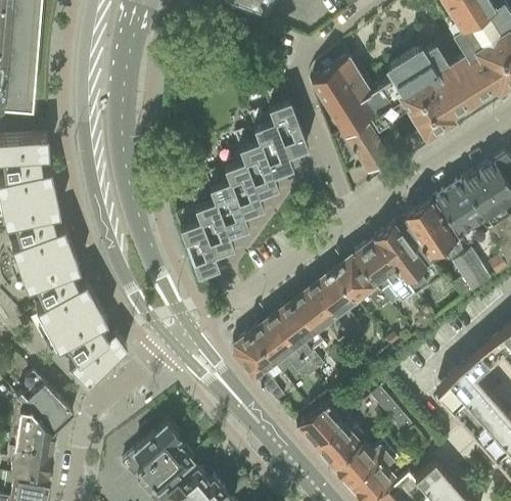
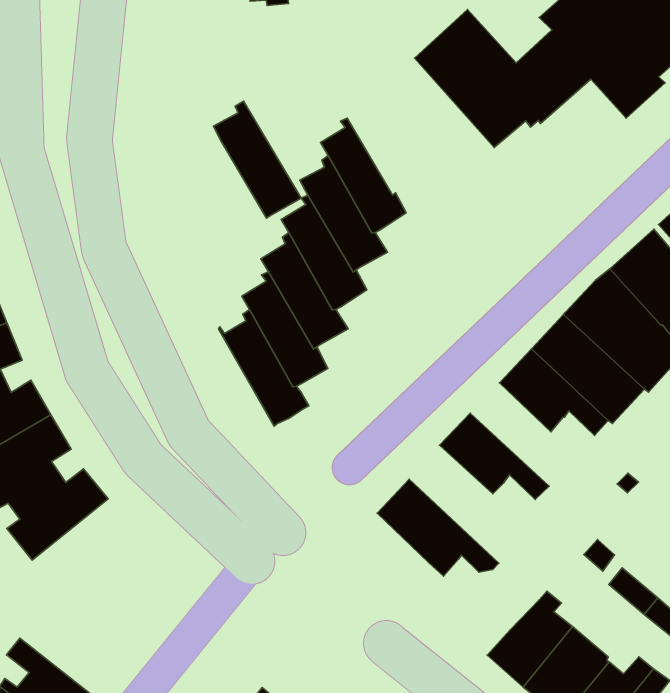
building: [266,88,309,156] -> [213,101,301,218]
building: [347,127,389,173] -> none
building: [311,273,365,343] -> none
building: [48,302,127,388] -> none
building: [270,303,322,375] -> none
building: [234,335,285,404] -> none

